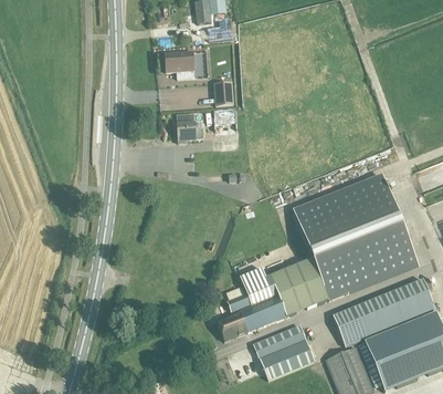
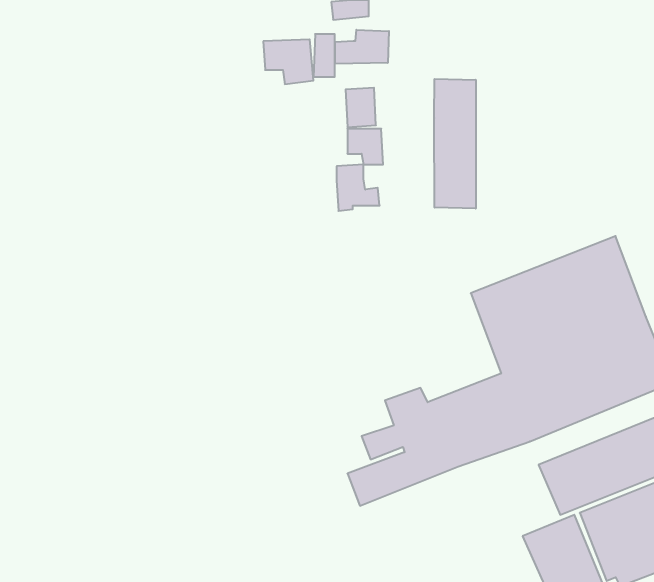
building: none -> [335,30,389,64]
building: none -> [434,79,476,209]
building: [177,113,203,142] -> [337,165,380,211]
building: [254,324,315,380] -> none

